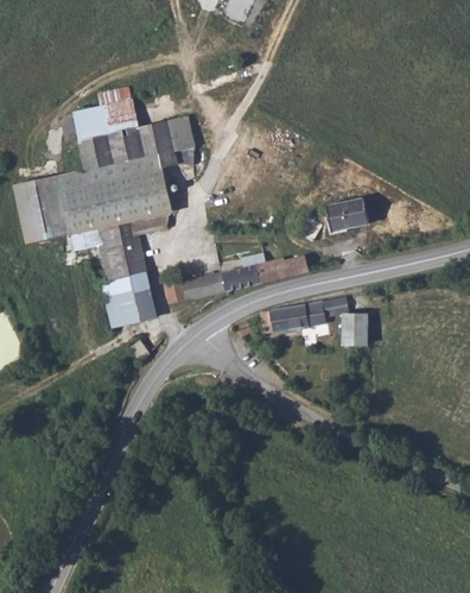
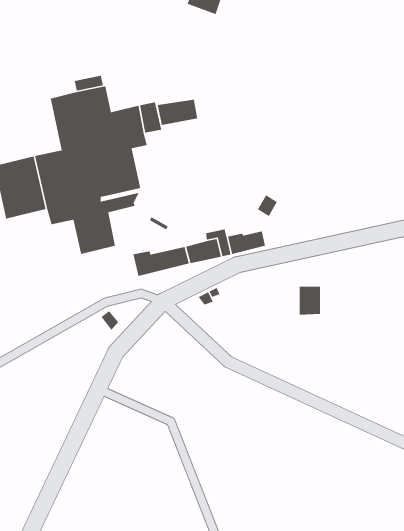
building: none -> [157,99,198,126]
building: [325,197,367,232] -> none
building: [101,271,155,326] -> none
building: [260,296,349,333] -> none

